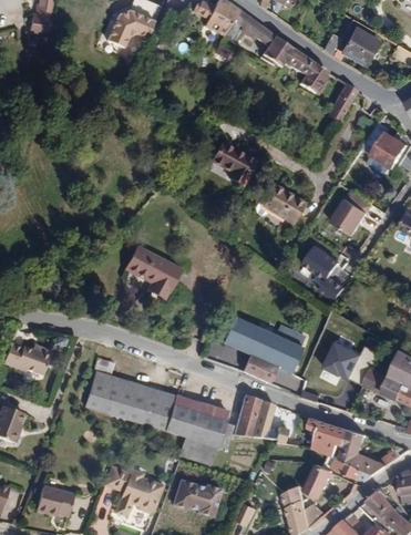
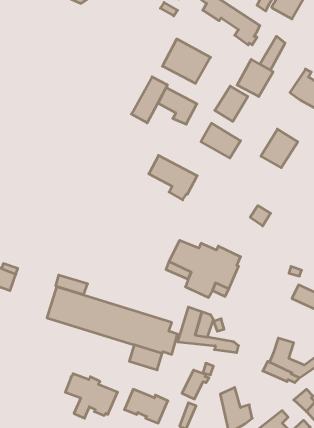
building: none -> [162,39,211,83]
building: none -> [237,59,273,97]
building: none -> [131,77,167,123]
building: none -> [215,86,248,121]
building: [301,245,337,278] -> none
building: [124,247,179,298] -> [149,155,197,200]
building: [320,340,359,378] -> none
building: [308,416,348,456] -> none
building: [304,465,335,498] -> [182,370,209,399]
building: [34,486,72,516] -> none

